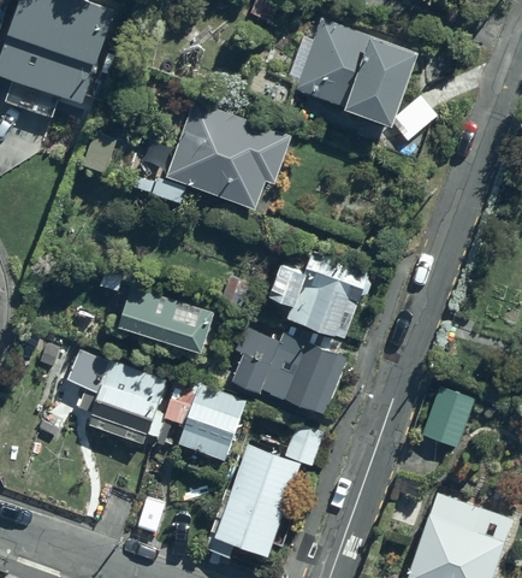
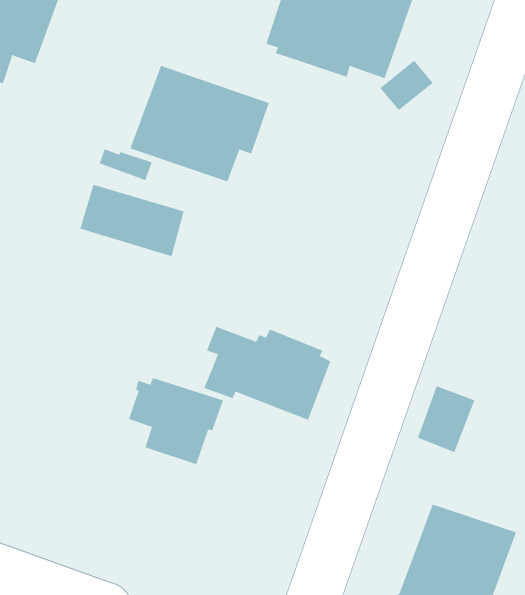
building: [268,253,370,340] -> none
building: [118,285,212,350] -> [80,184,184,257]
building: [66,354,166,443] -> none
building: [210,427,322,552] -> none

